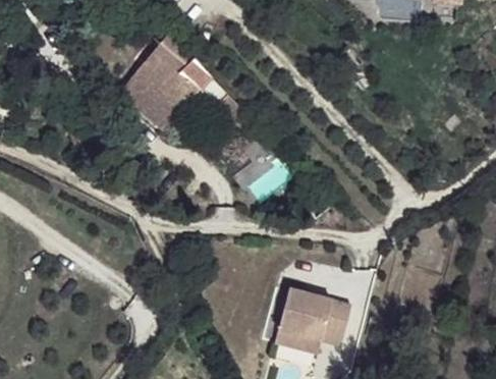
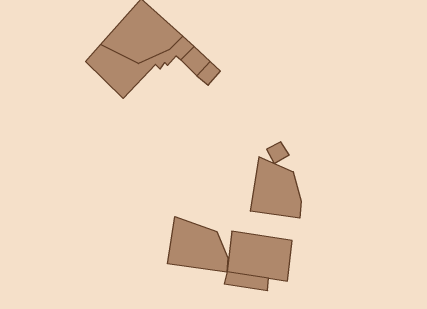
building: none -> [251,157,301,218]
building: none -> [168,217,228,272]

